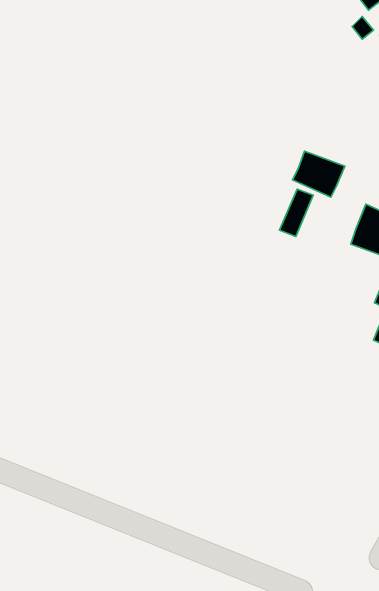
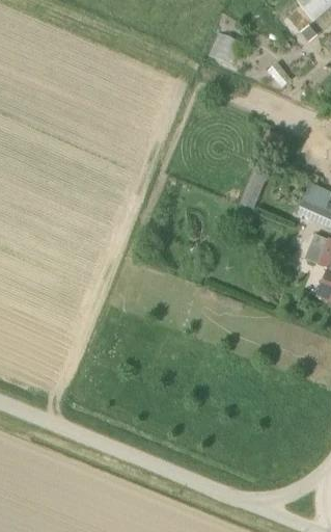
building: [293,151,345,197] -> none

